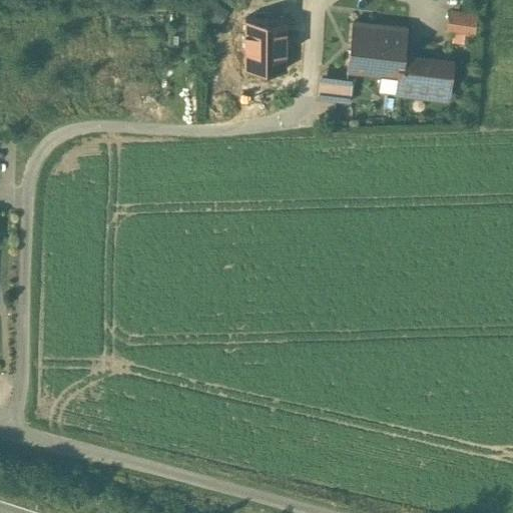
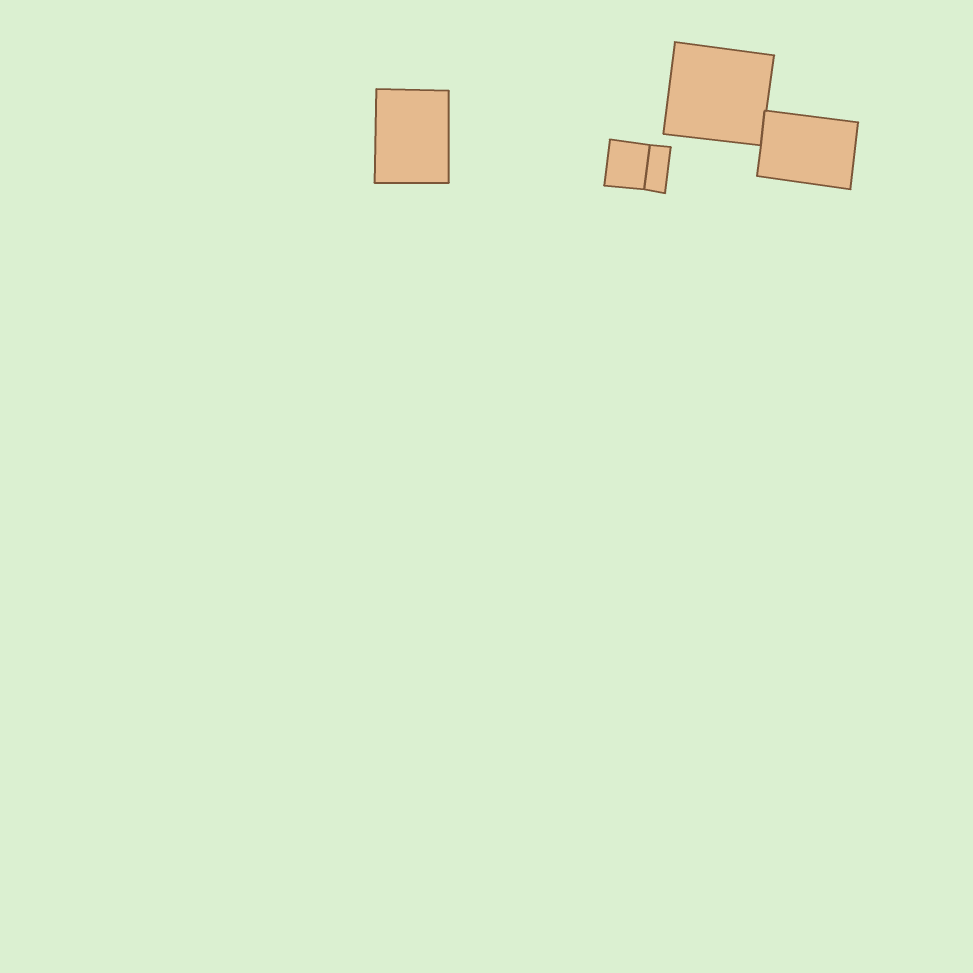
building: [445,7,479,36] -> none
building: [247,20,287,69] -> [374,89,449,183]

